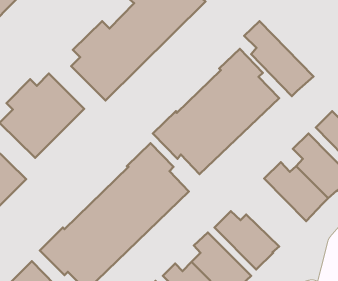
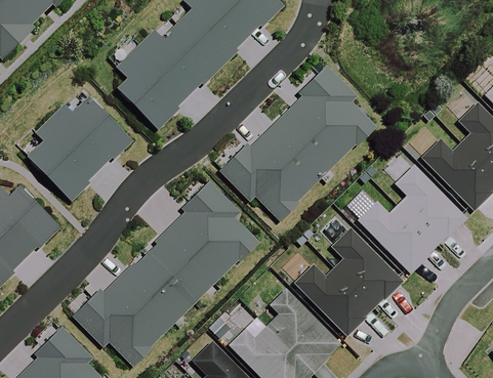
building: [244,21,313,96] -> none
building: none -> [329,228,403,308]

